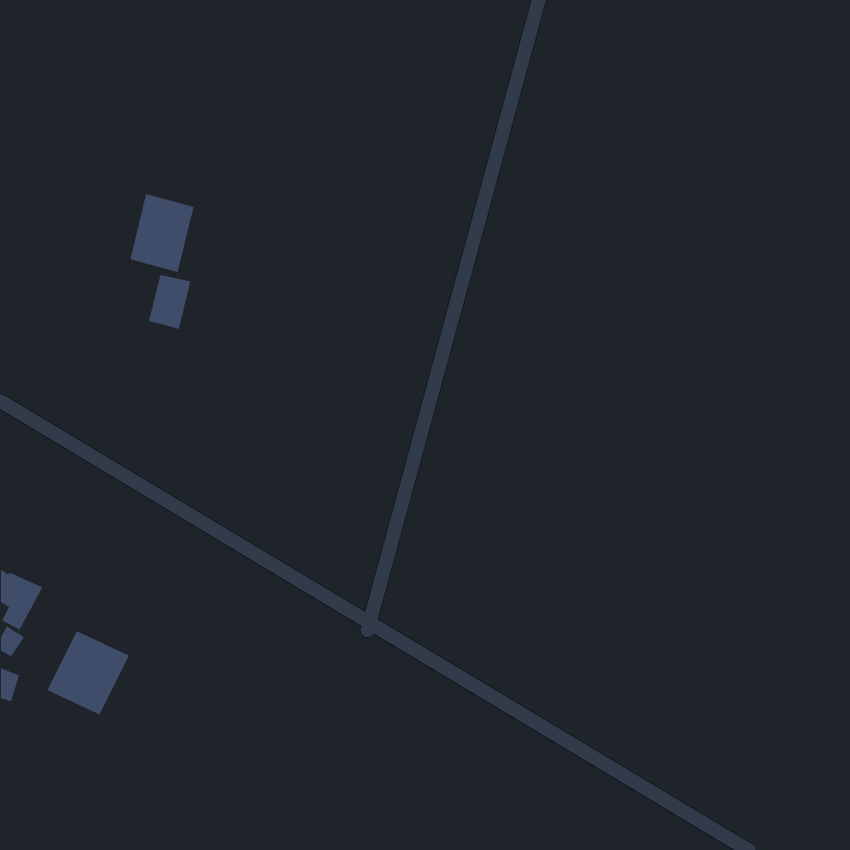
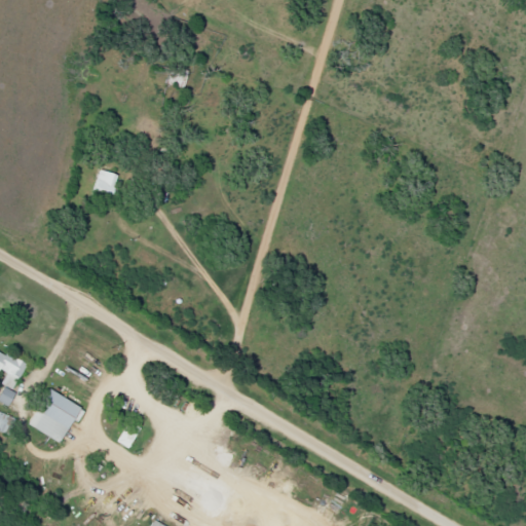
building: [130,193,194,273] -> none

